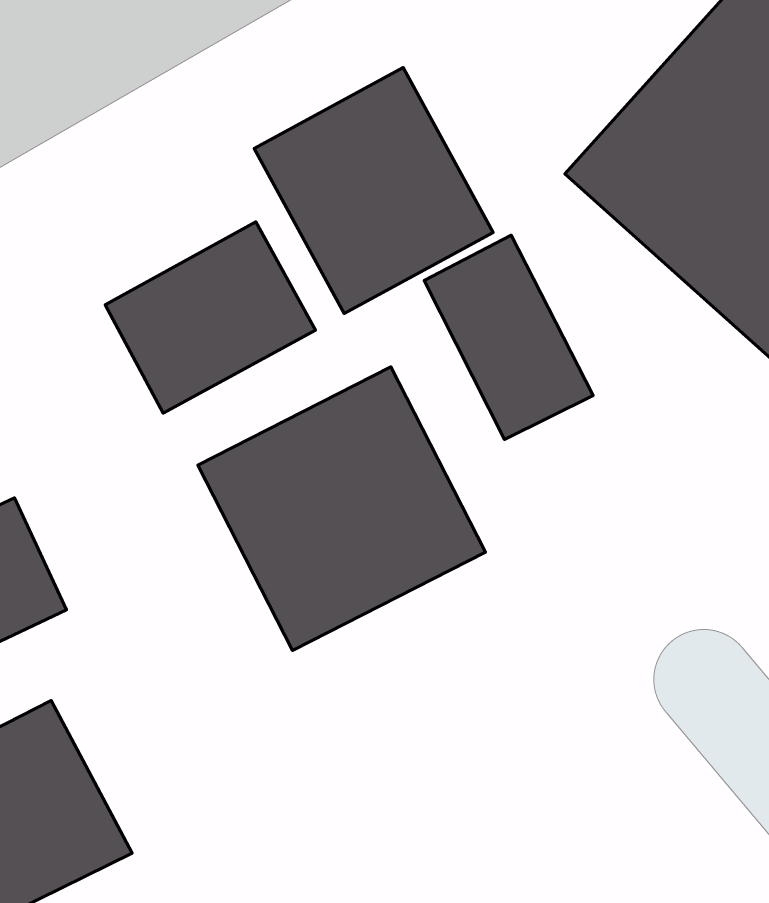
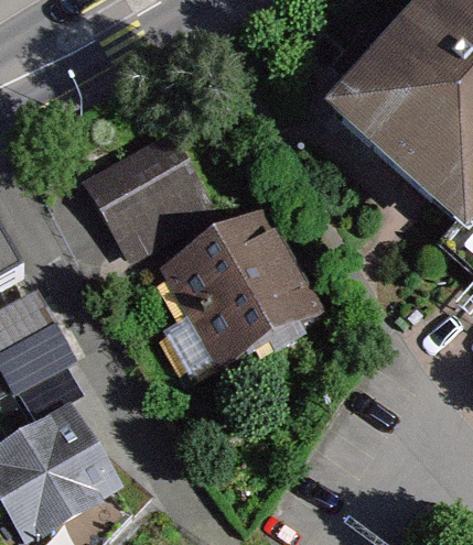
building: [254,67,493,314] -> none
building: [424,235,593,440] -> none

